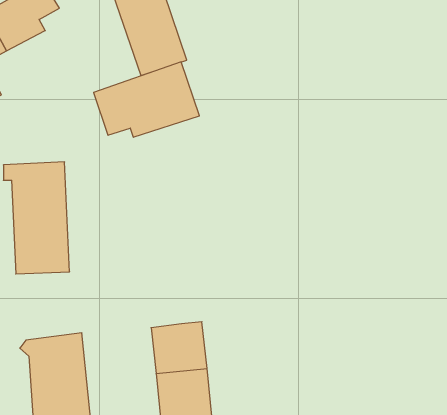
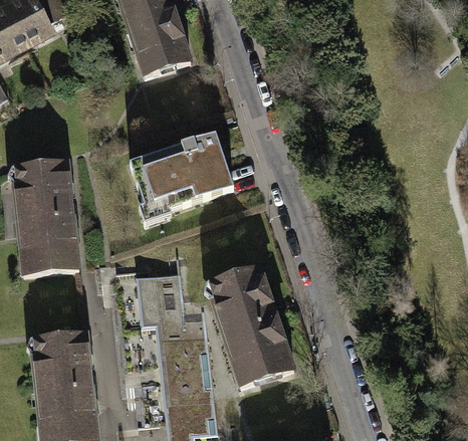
building: [94,62,199,137] -> [128,134,232,208]
building: none -> [208,268,294,385]
building: none -> [136,272,186,327]

